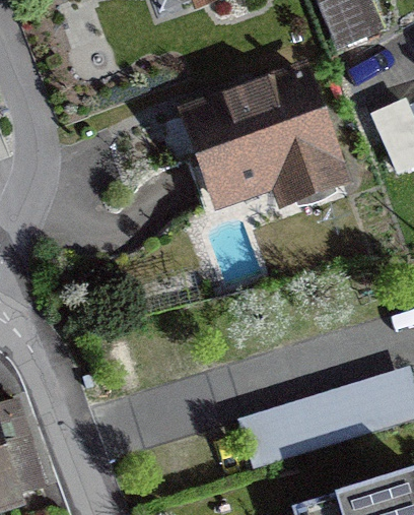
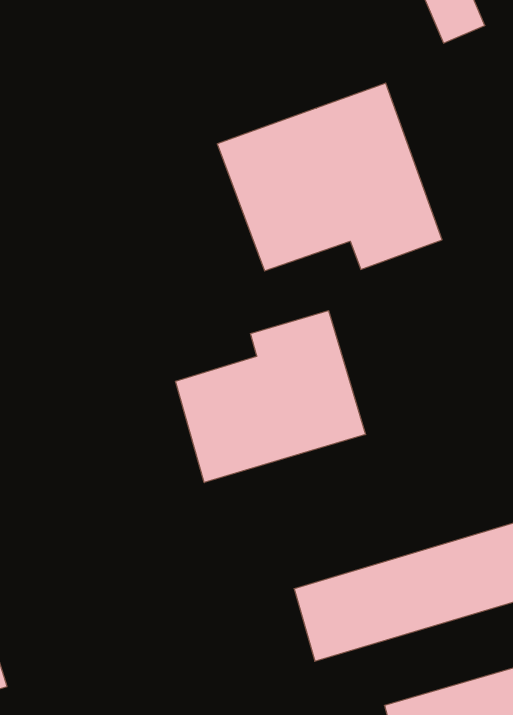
building: none -> [176,311,366,483]

